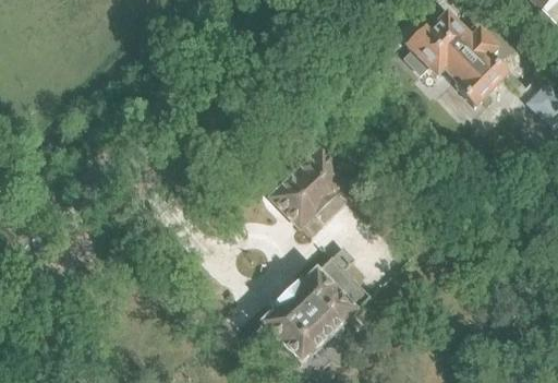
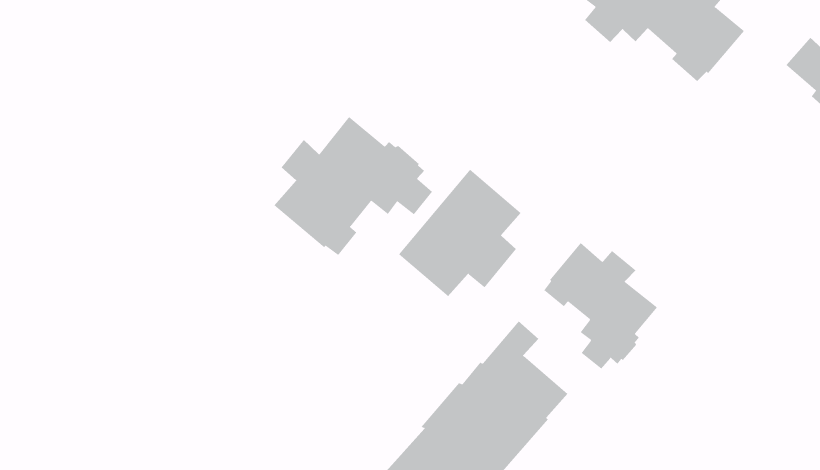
building: none -> [273,116,433,256]
building: none -> [543,242,658,370]

